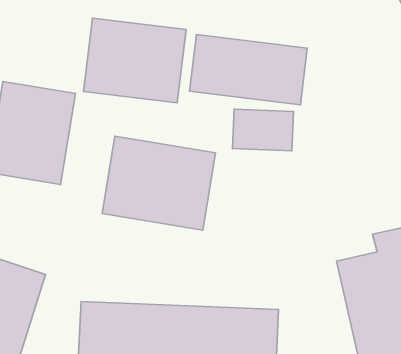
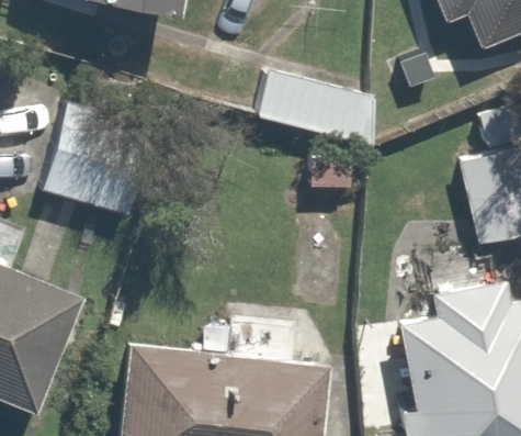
building: [83,18,186,103] -> none
building: [102,136,216,230] -> none

